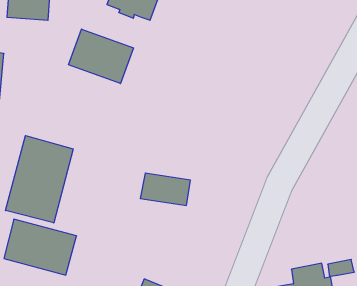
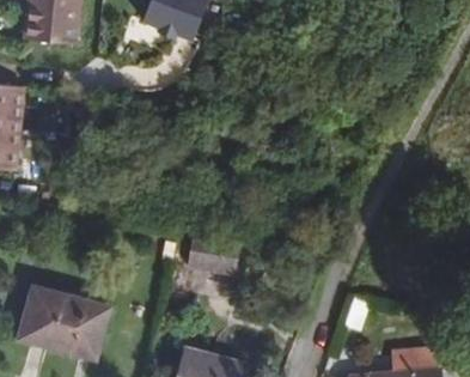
building: [69,29,133,84] -> none
building: [6,136,73,223] -> none

